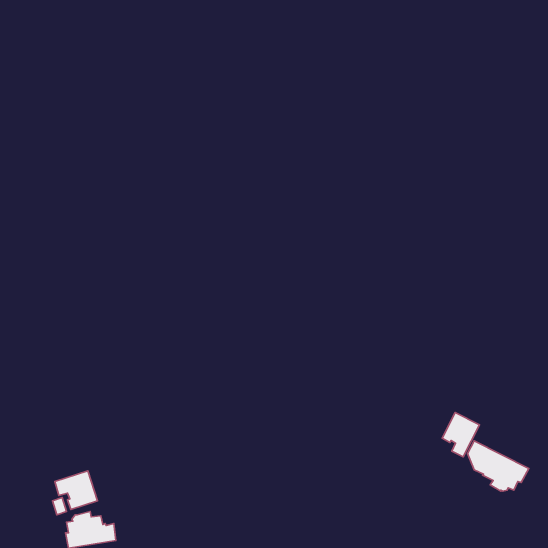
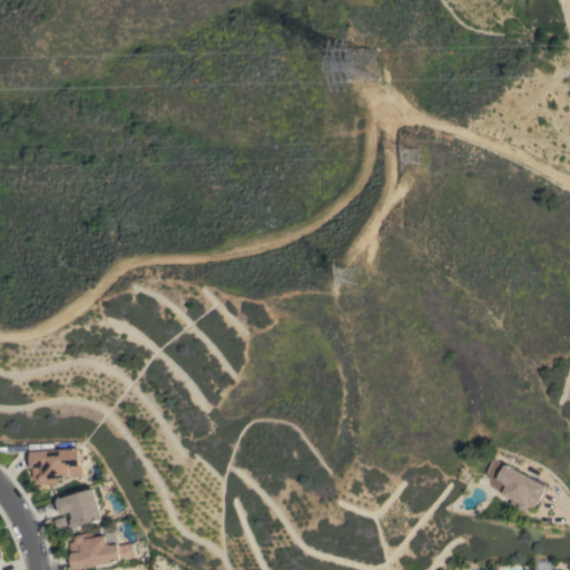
building: [442,413,480,457] -> none
building: none -> [27,448,79,484]

